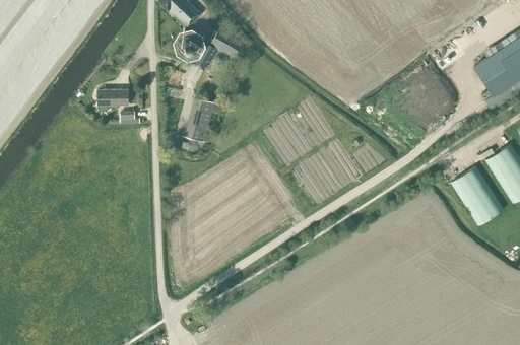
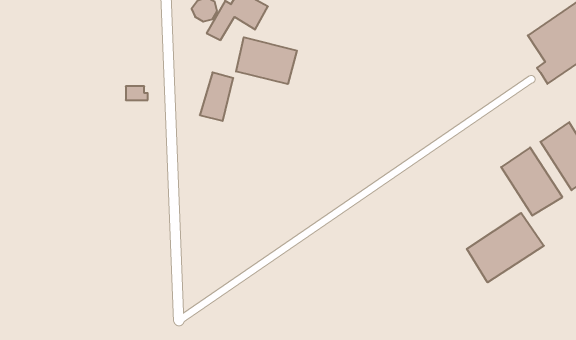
building: none -> [236,37,297,84]
building: [98,90,129,106] -> none
building: none -> [467,213,544,282]

